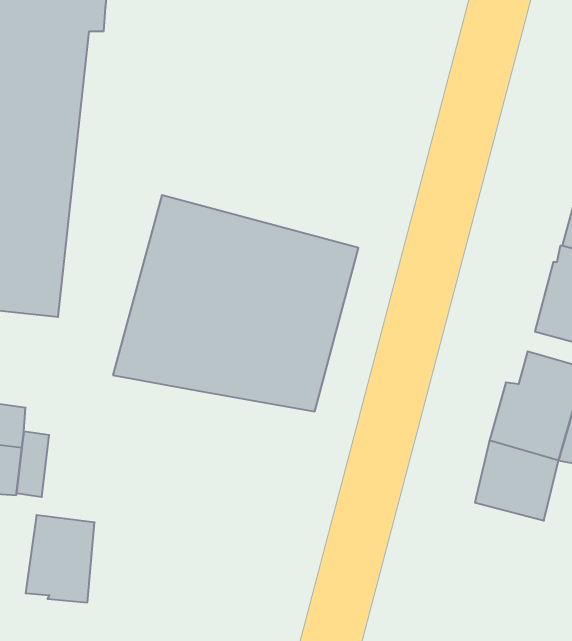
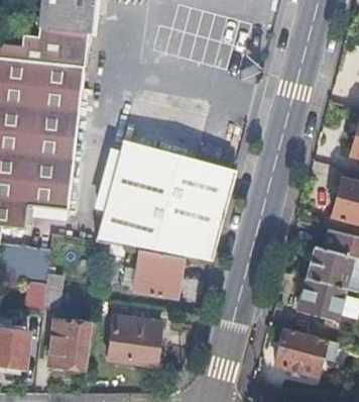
building: none -> [133,248,182,299]
building: none -> [108,316,160,364]
building: none -> [275,327,326,374]

